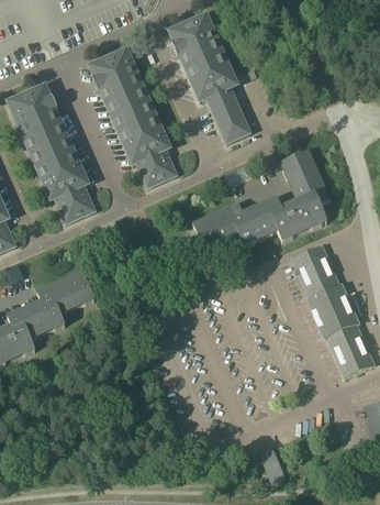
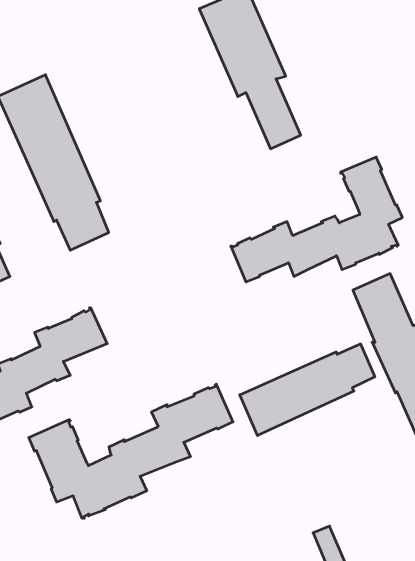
building: [89,48,177,187] -> none
building: none -> [240,344,375,436]
building: none -> [29,384,233,518]

